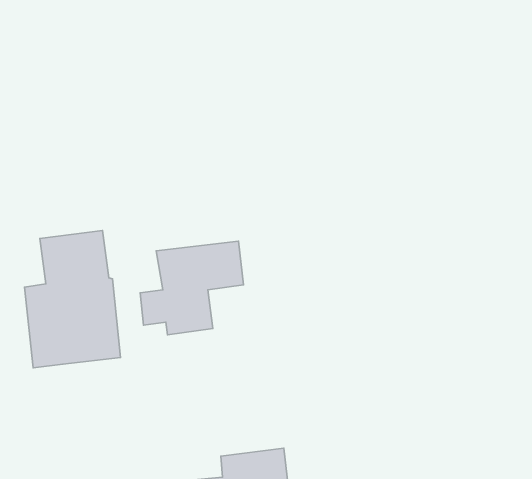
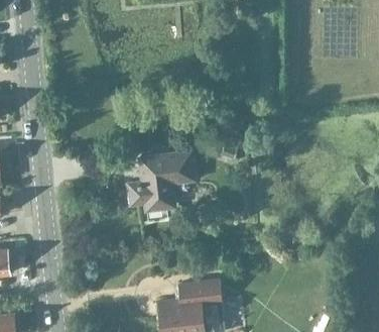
building: [25,231,121,368] -> none

